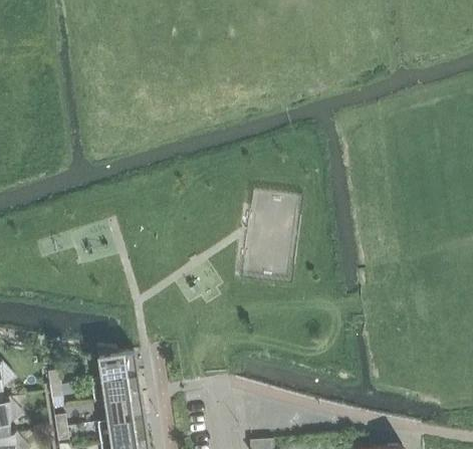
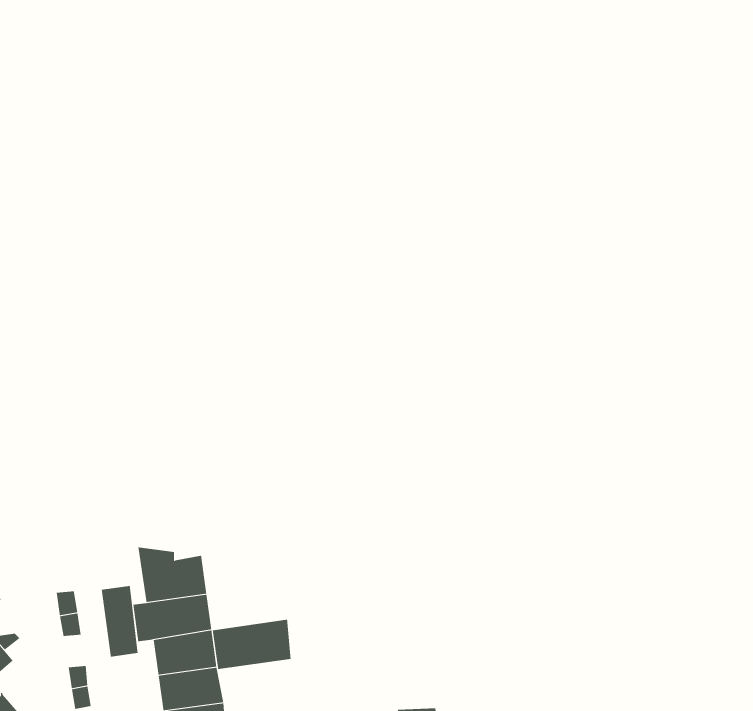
building: none -> [101,585,138,657]
building: none -> [212,619,291,670]

